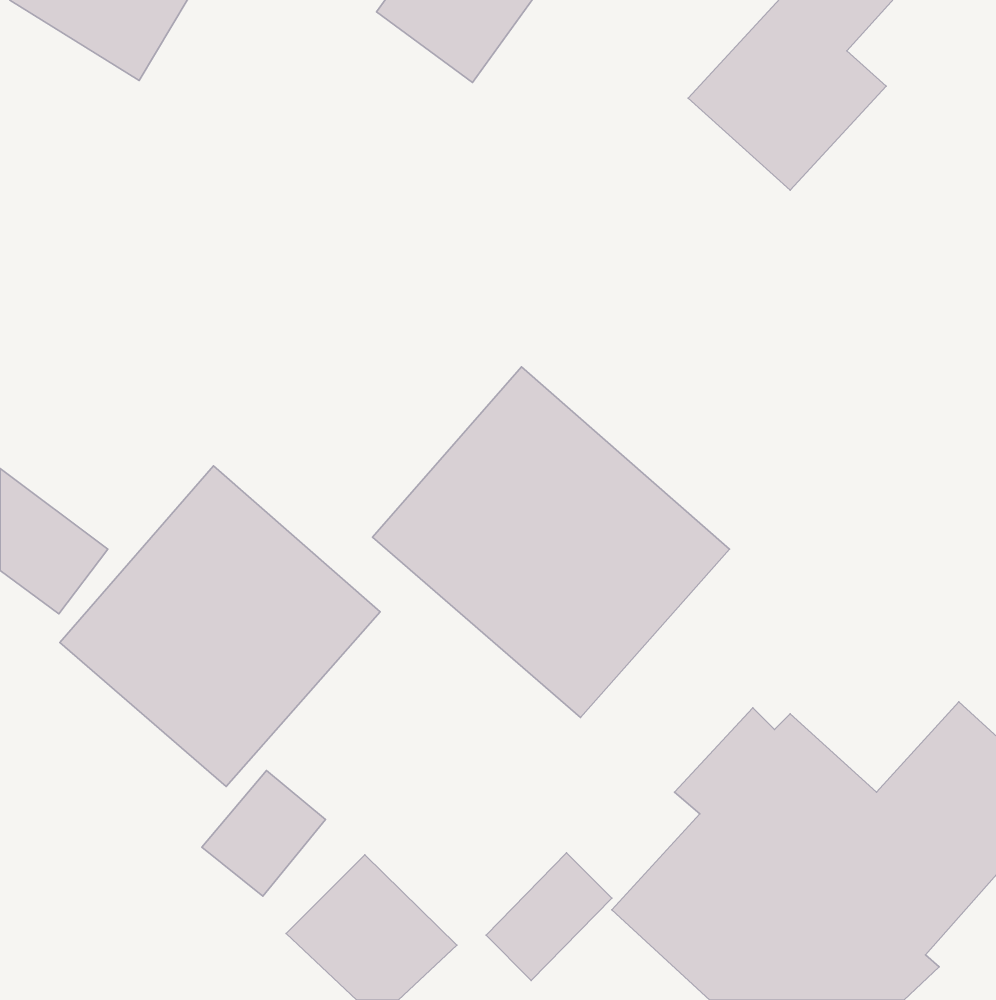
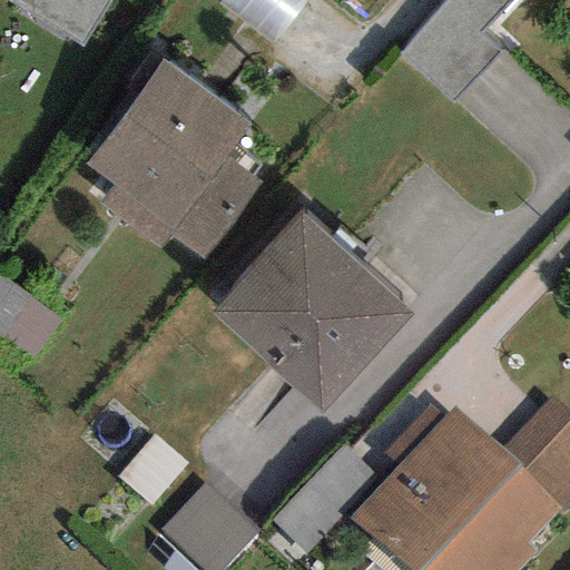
building: none -> [82,56,261,261]
building: [60,466,380,787] -> none

